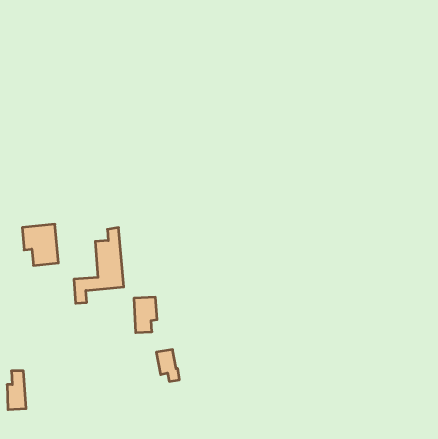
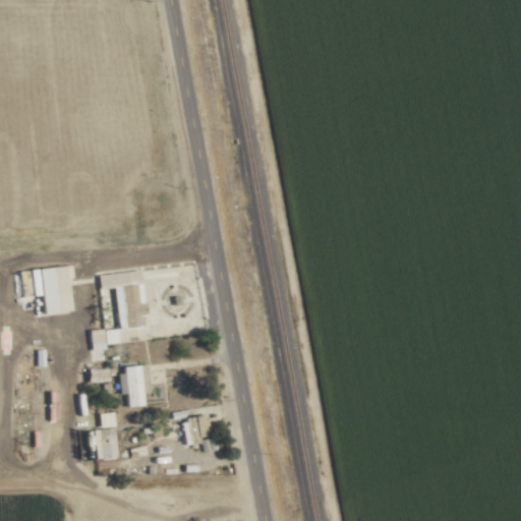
building: [134,297,157,333] -> [122,365,150,407]
building: [7,371,26,410] -> [94,413,116,459]

